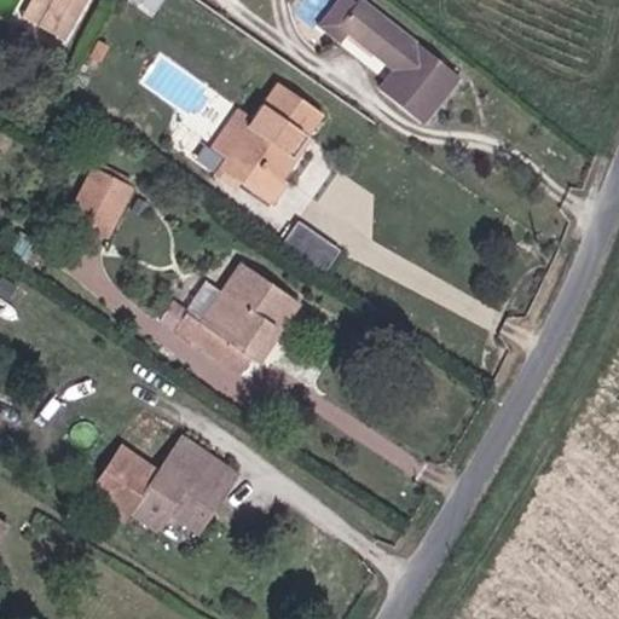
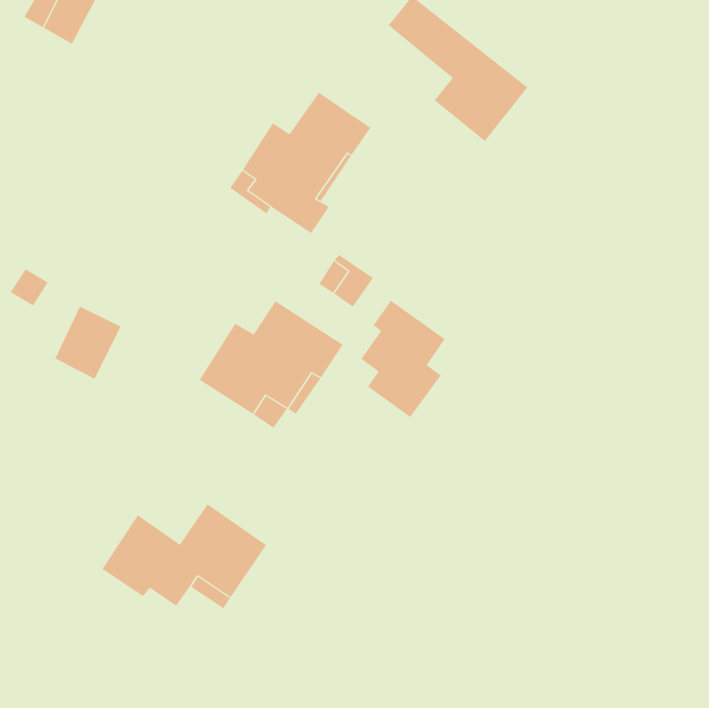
building: [71,169,129,233] -> [55,306,121,379]
building: none -> [360,300,446,418]

